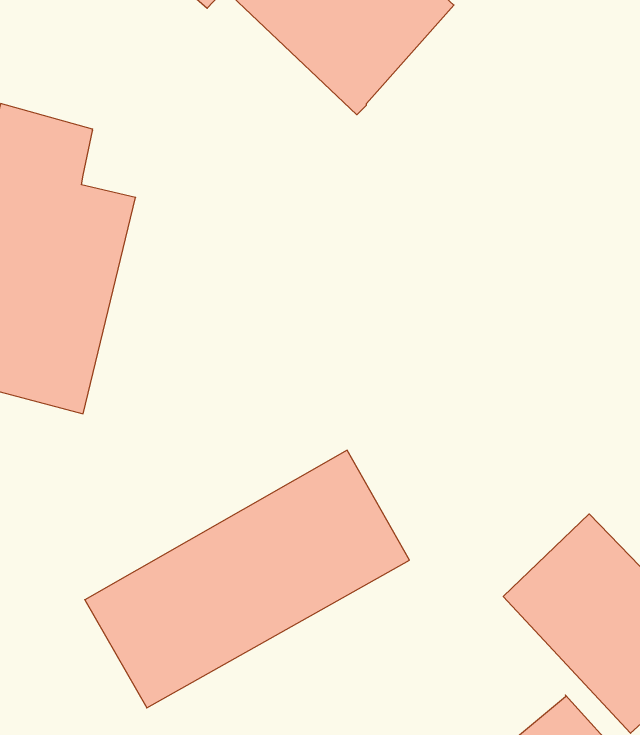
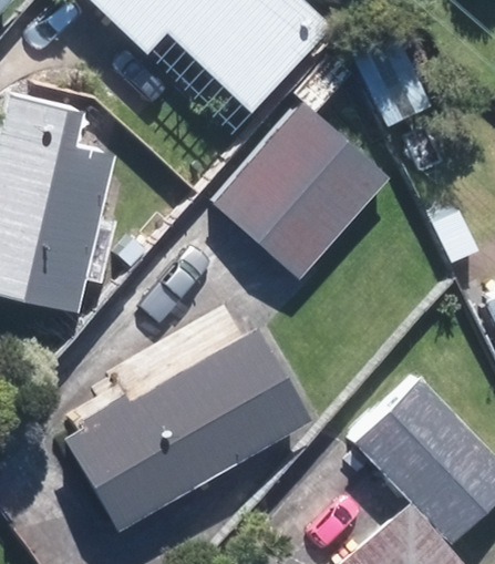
building: none -> [219,107,385,276]

